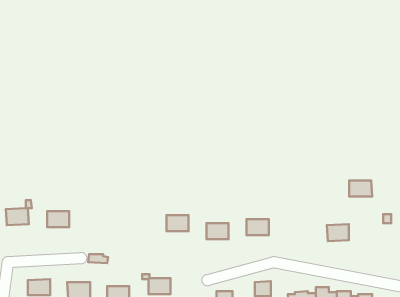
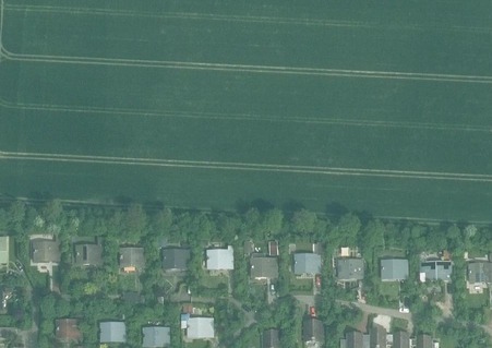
building: [349,180,372,196] -> [425,262,451,279]
building: none -> [120,249,145,266]
building: none -> [164,250,188,267]
building: none -> [338,260,362,277]

